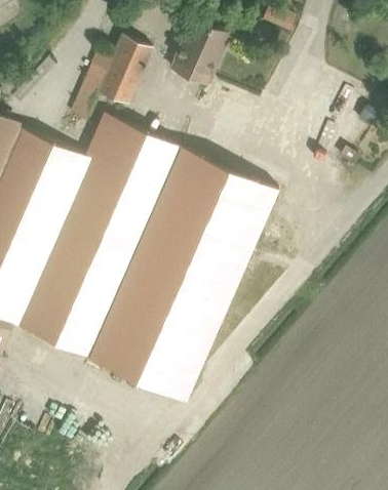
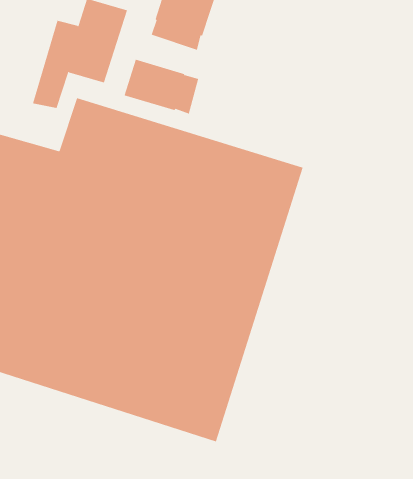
building: none -> [124,59,199,114]

